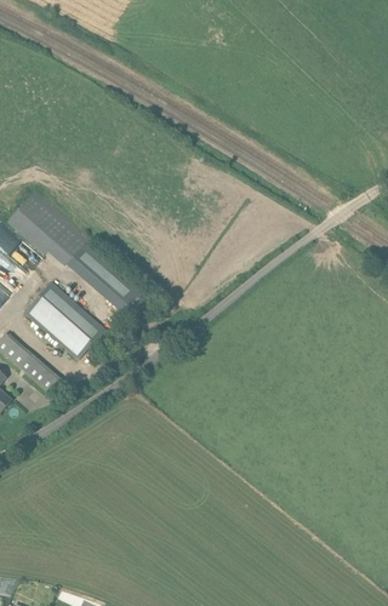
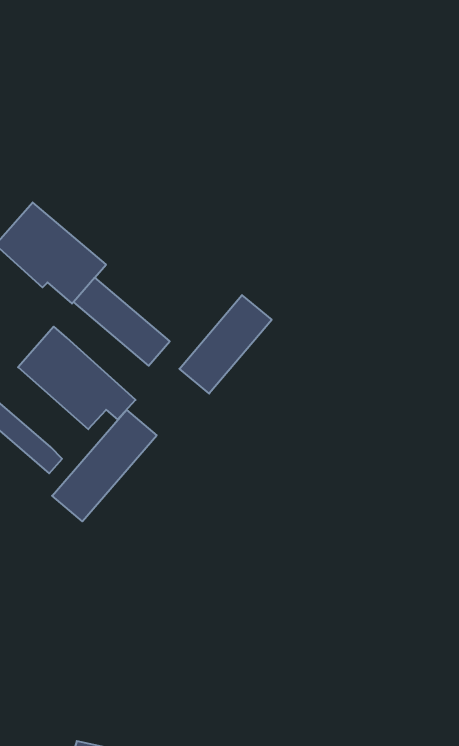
building: none -> [179,295,272,394]
building: none -> [52,410,157,521]

